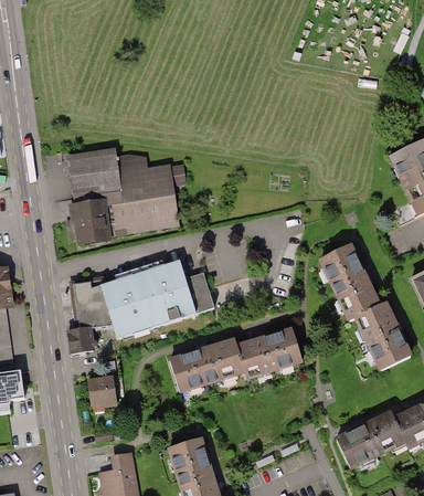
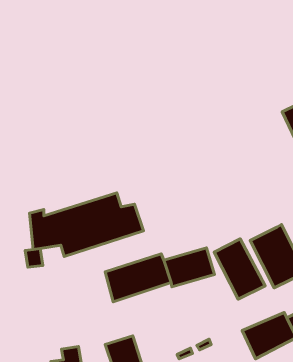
building: [63,148,188,250] -> none
building: [317,244,380,319] -> [214,239,265,299]
building: [87,376,116,407] -> none

